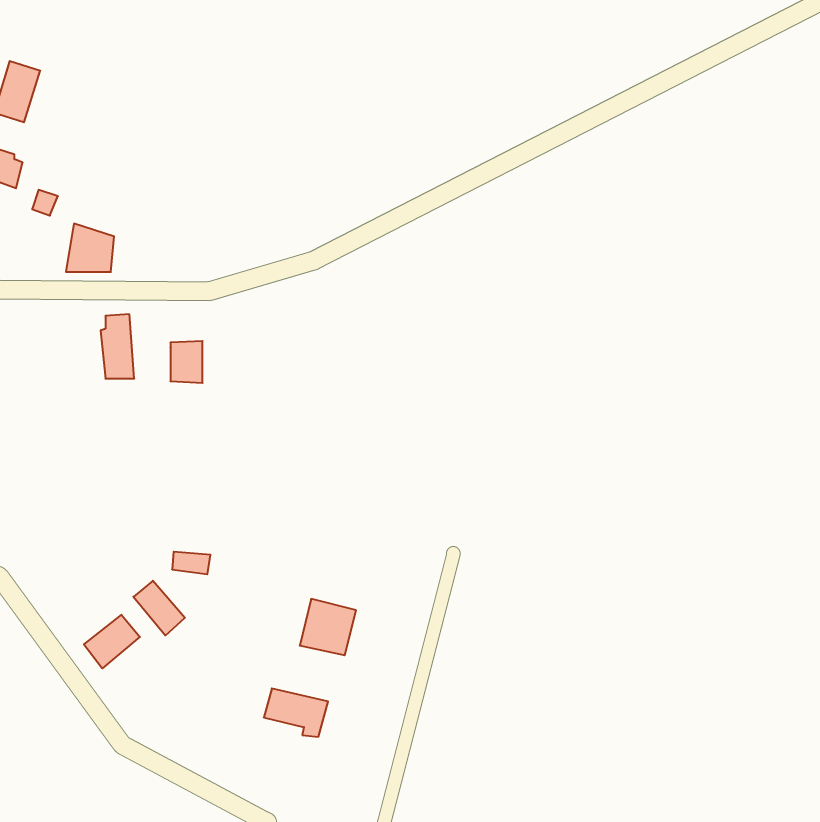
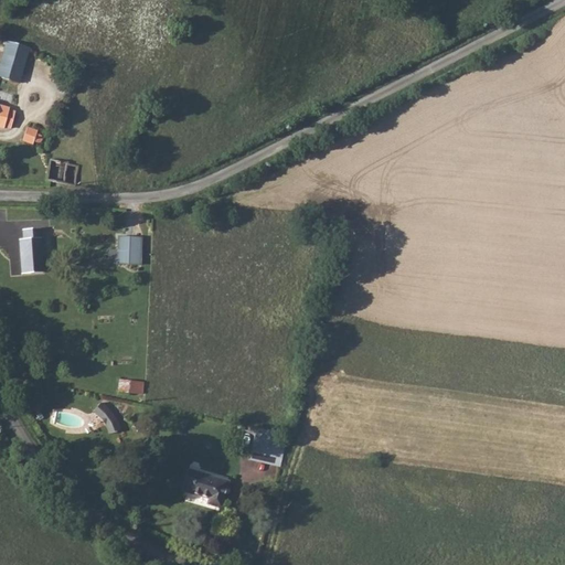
building: [101,314,134,379] -> [15,228,39,273]
building: [300,599,356,655] -> [249,427,288,466]
building: [84,615,140,668] -> none

